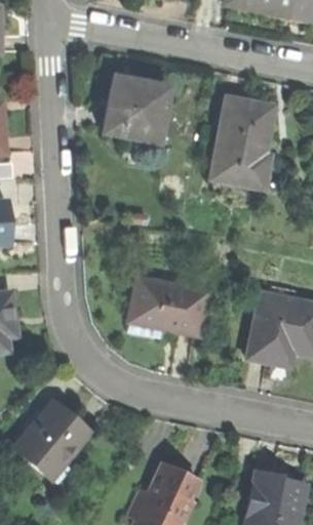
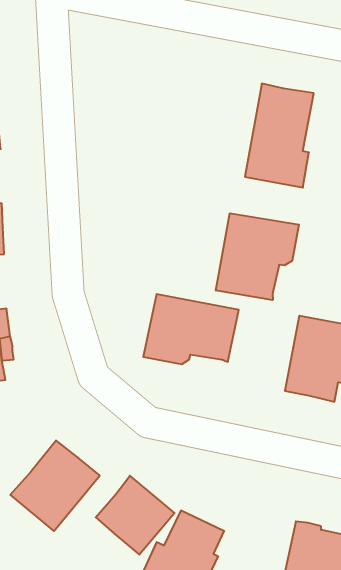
building: [106,77,167,139] -> none
building: none -> [216,213,299,300]
building: none -> [96,476,175,555]

